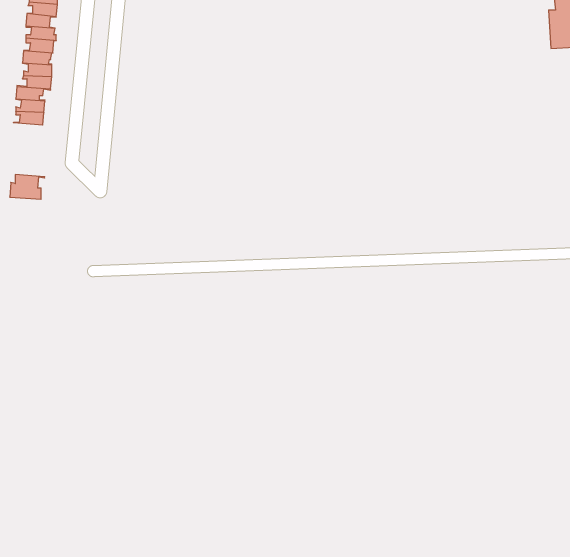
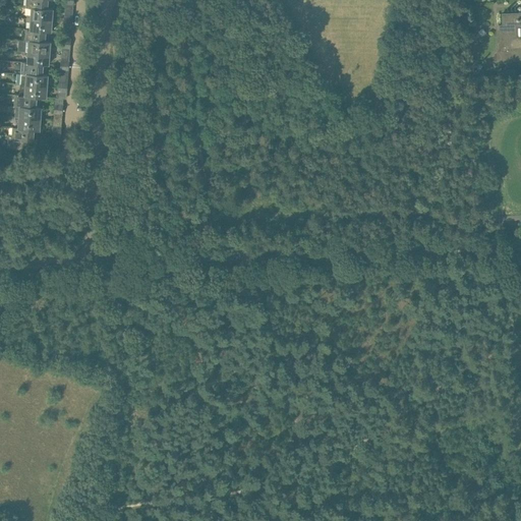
building: [10,175,45,199] -> [11,111,43,133]

